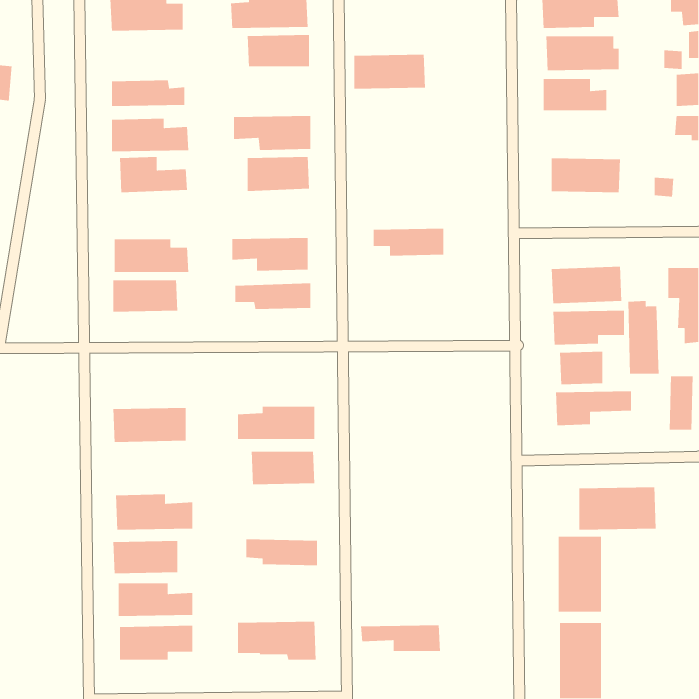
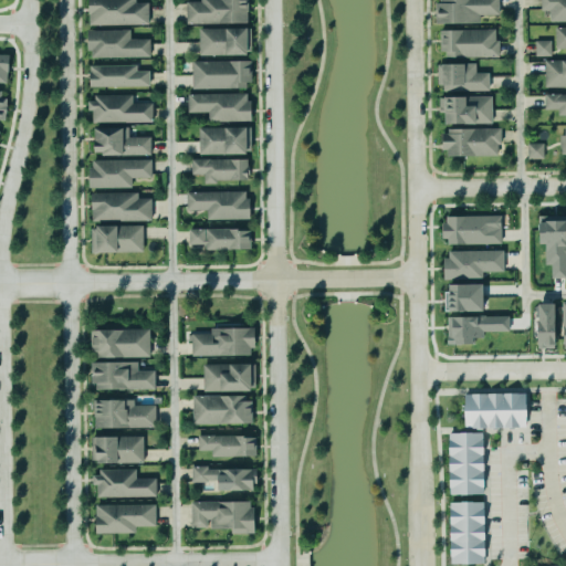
building: none -> [88,29,149,57]
building: [353,54,426,90] -> [192,60,251,88]
building: none -> [439,95,493,123]
building: none -> [90,159,151,188]
building: [373,228,444,256] -> [191,158,249,181]
building: [628,300,660,374] -> none
building: none -> [92,361,155,389]
building: none -> [192,395,253,424]
building: [360,624,441,652] -> [191,468,256,490]

